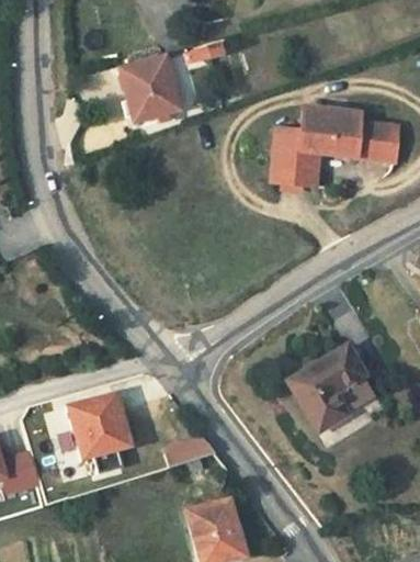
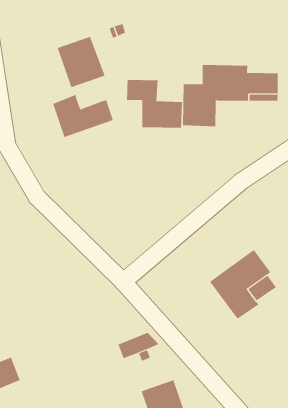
building: none -> [126,79,182,128]
building: none -> [52,94,114,138]
building: [69,395,130,458] -> none

